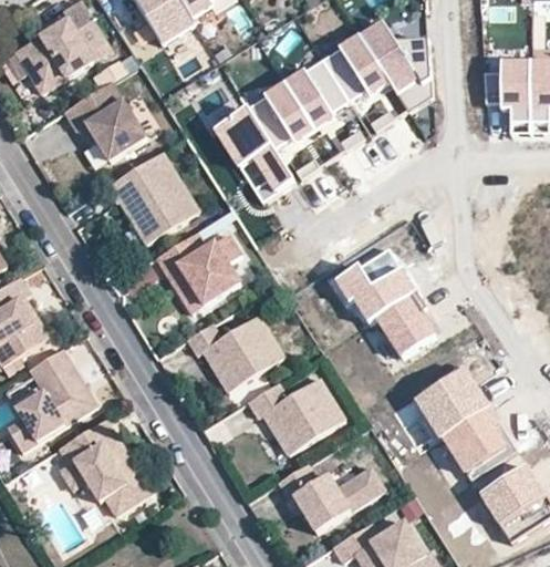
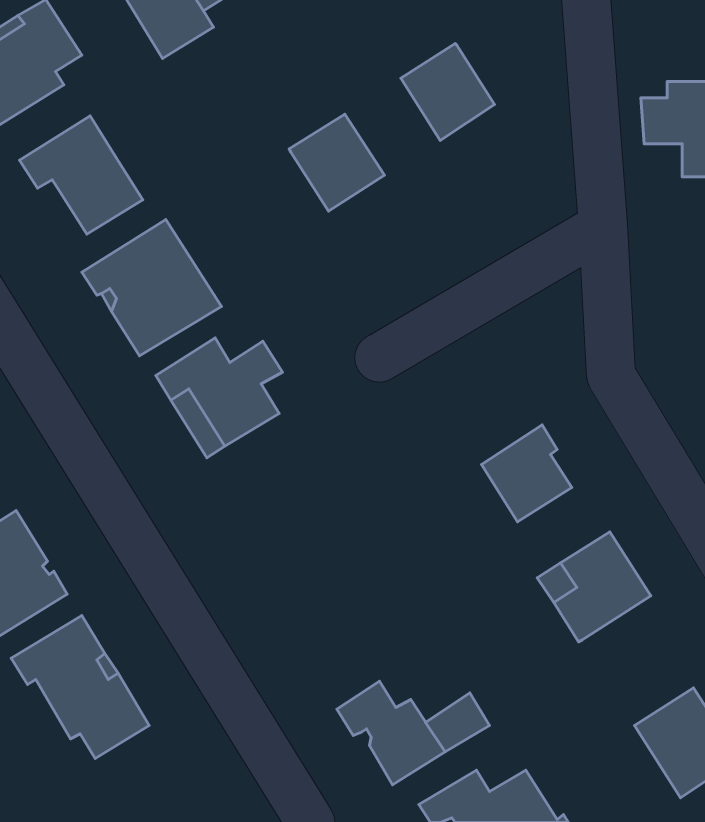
building: [359,20,430,110] -> none
building: [283,58,347,123] -> none
building: [215,107,293,202] -> none
building: [343,247,416,322] -> none
building: [187,317,283,392] -> none
building: [248,379,344,455] -> none
building: [443,406,517,480] -> none

